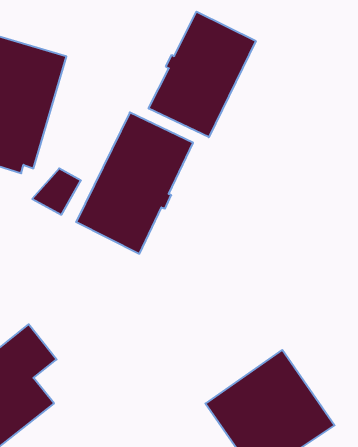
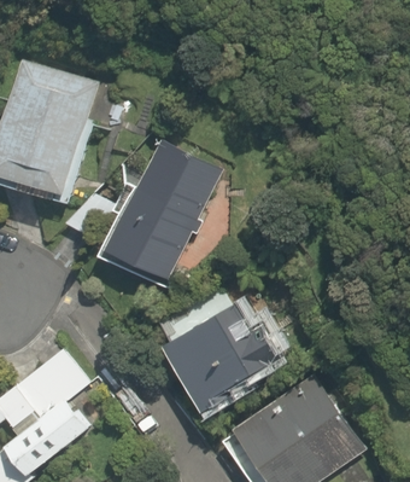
building: [149,12,256,137] -> none
building: none -> [163,303,282,412]

